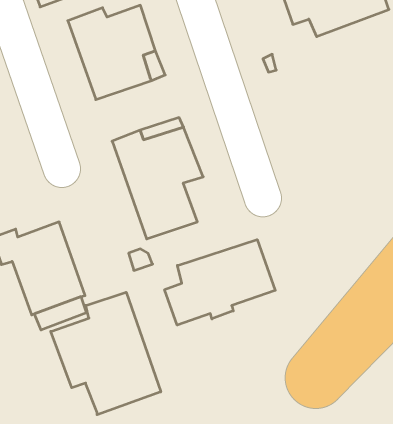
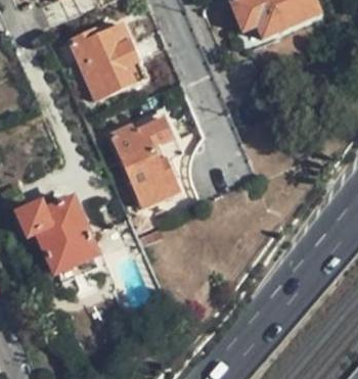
building: [165,240,275,325] -> none
building: [51,292,161,415] -> none

